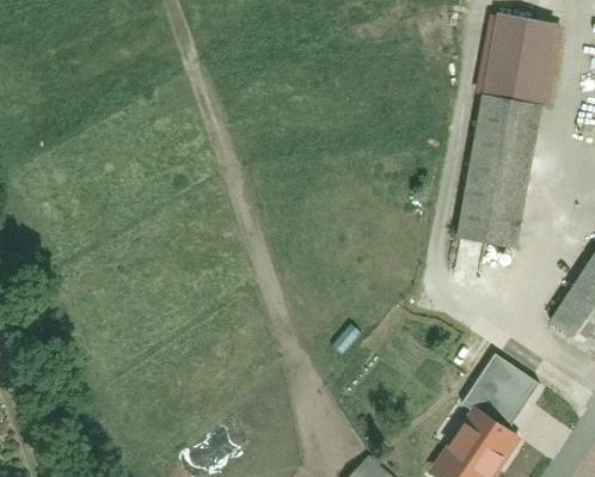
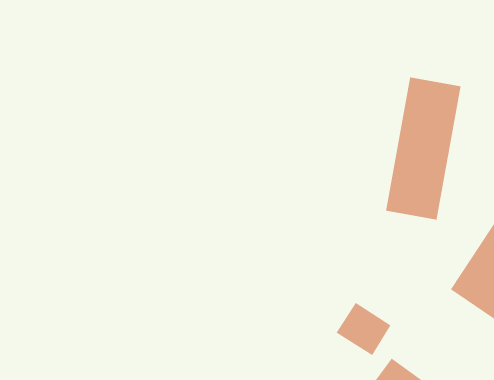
building: [490,13,562,98] -> none
building: [471,356,534,417] -> [335,302,392,356]

